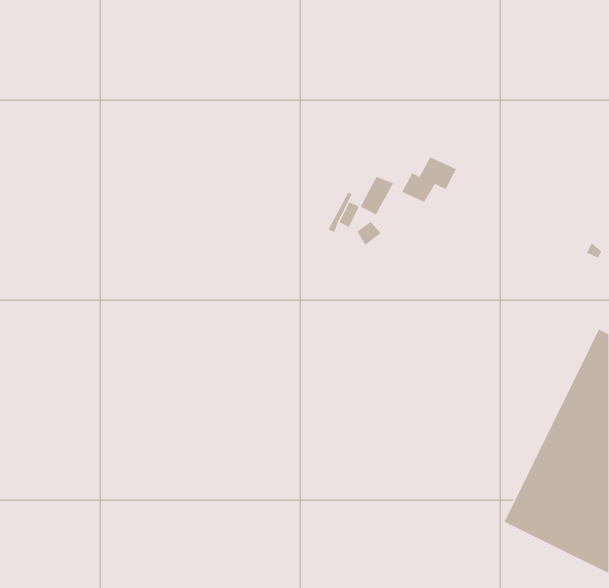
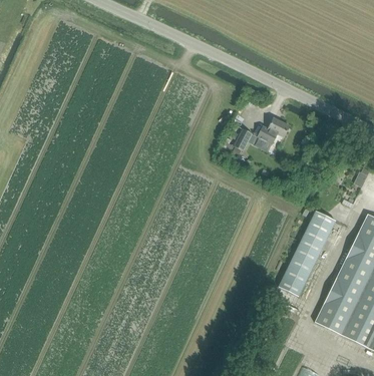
building: none -> [279,212,336,297]

